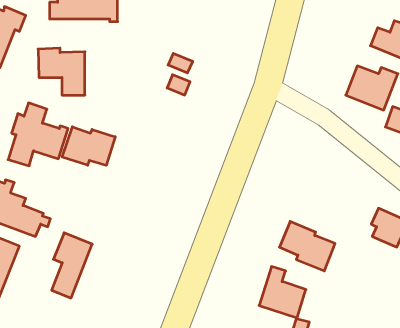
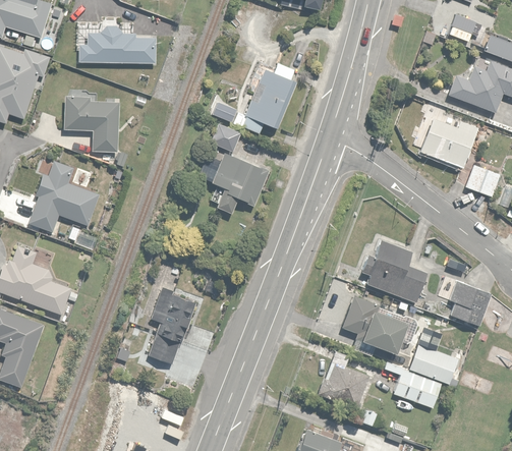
building: none -> [241,61,295,134]
building: none -> [204,151,268,212]
building: [62,127,115,165] -> none
building: none -> [361,241,426,301]
building: [52,233,92,298] -> [149,288,195,363]
building: none -> [408,342,459,384]
building: none -> [393,376,438,408]

